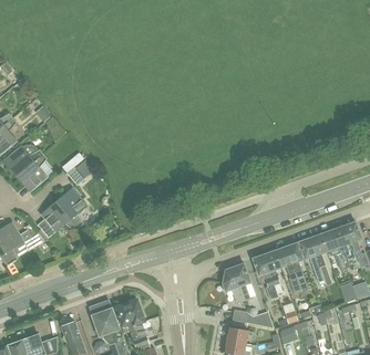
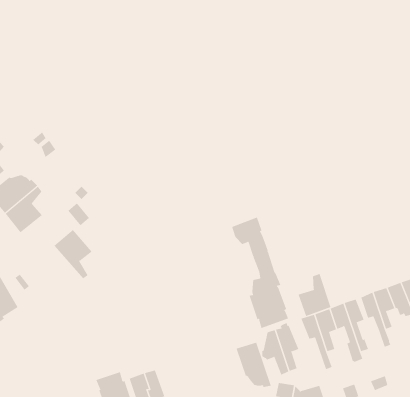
building: none -> [232,216,289,329]
building: [37,200,79,237] -> none
building: none -> [298,273,331,317]
building: none -> [236,342,271,388]

